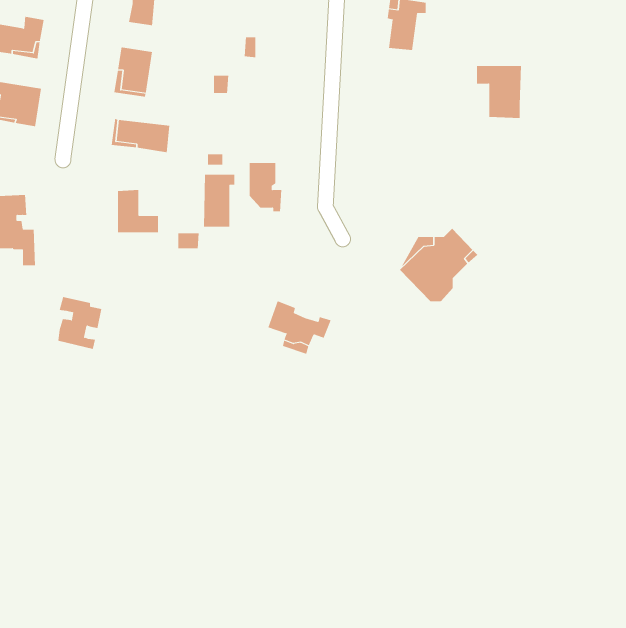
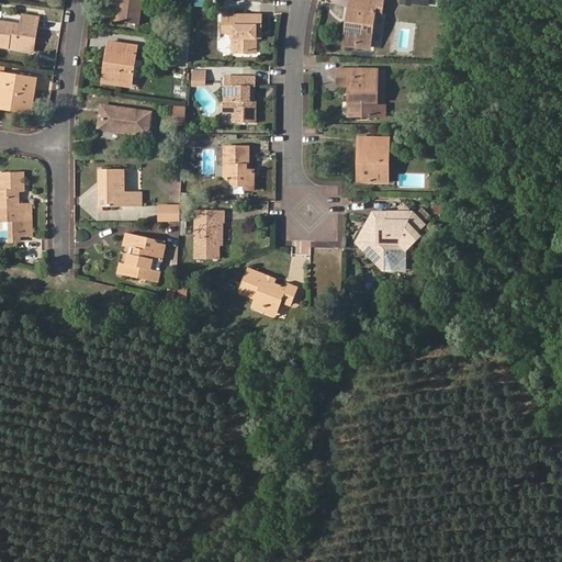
building: none -> [222,10,259,53]
building: [476,66,522,119] -> [335,68,375,115]
building: none -> [223,77,254,122]
building: none -> [357,136,386,181]
building: [203,174,235,227] -> [193,210,222,257]
building: [58,297,102,349] -> [124,233,164,280]

